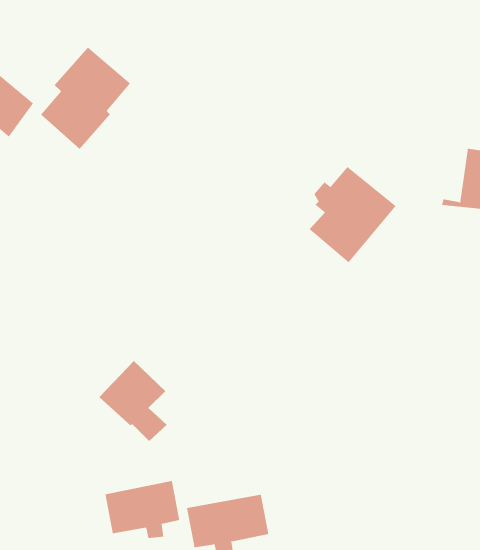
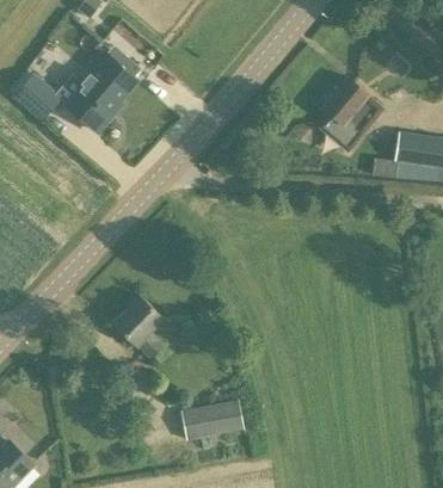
building: [309,166,396,263] -> [318,76,386,152]
building: [105,480,180,539] -> none

